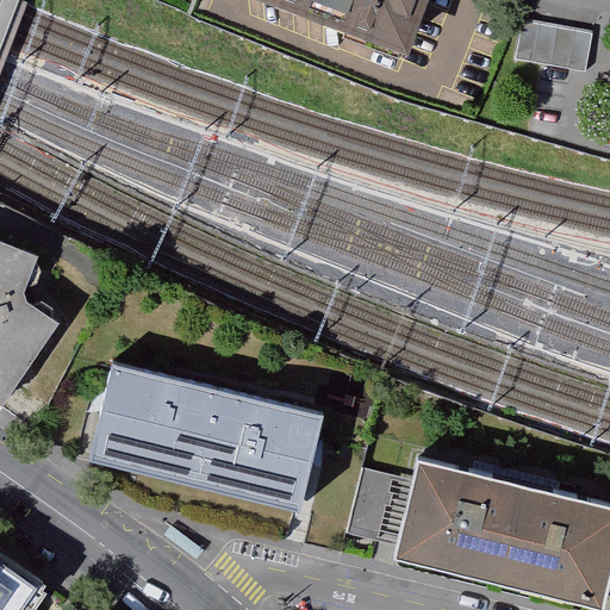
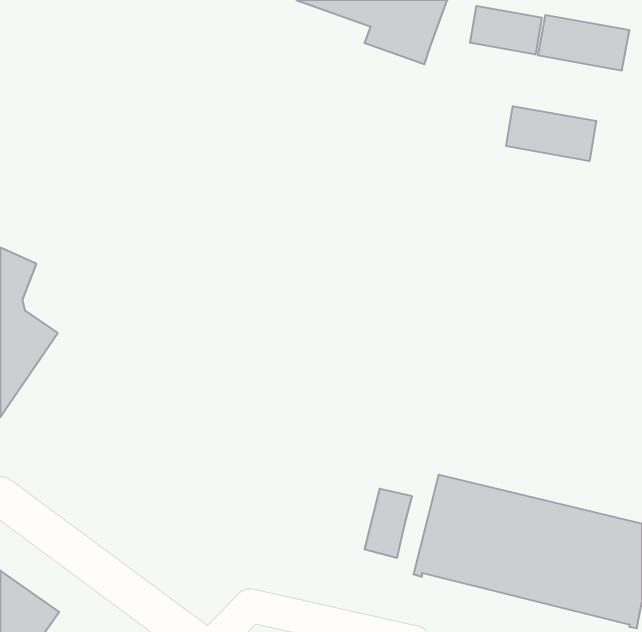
building: none -> [470,6,542,55]
building: none -> [506,106,596,161]
building: [91,367,319,502] -> none

